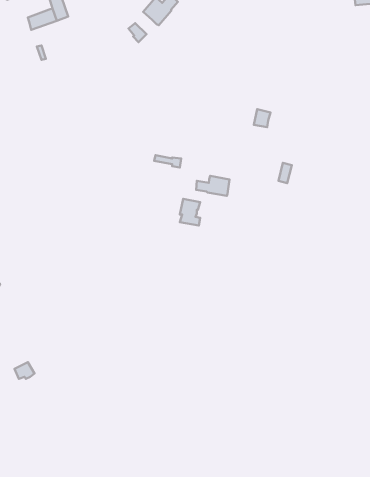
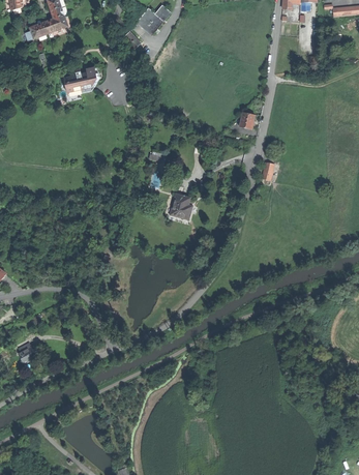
building: none -> [63,66,100,95]
building: [196,176,229,196] -> none

